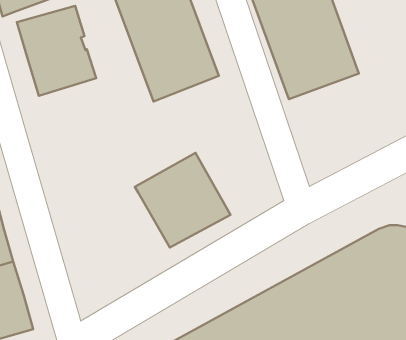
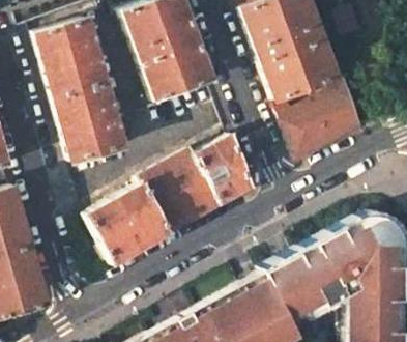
building: none -> [54,83,123,163]
building: none -> [283,85,364,163]
building: none -> [196,135,253,204]
building: none -> [86,184,170,266]

